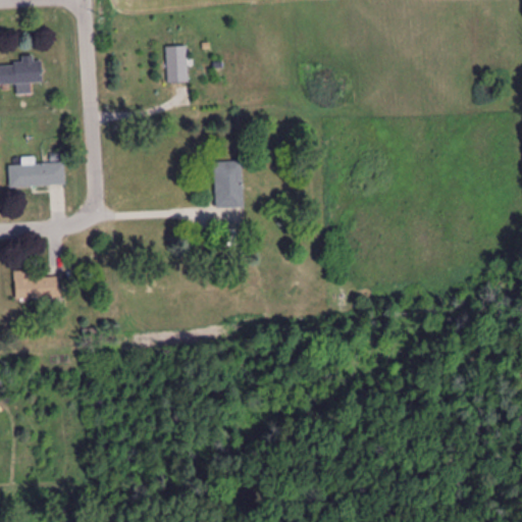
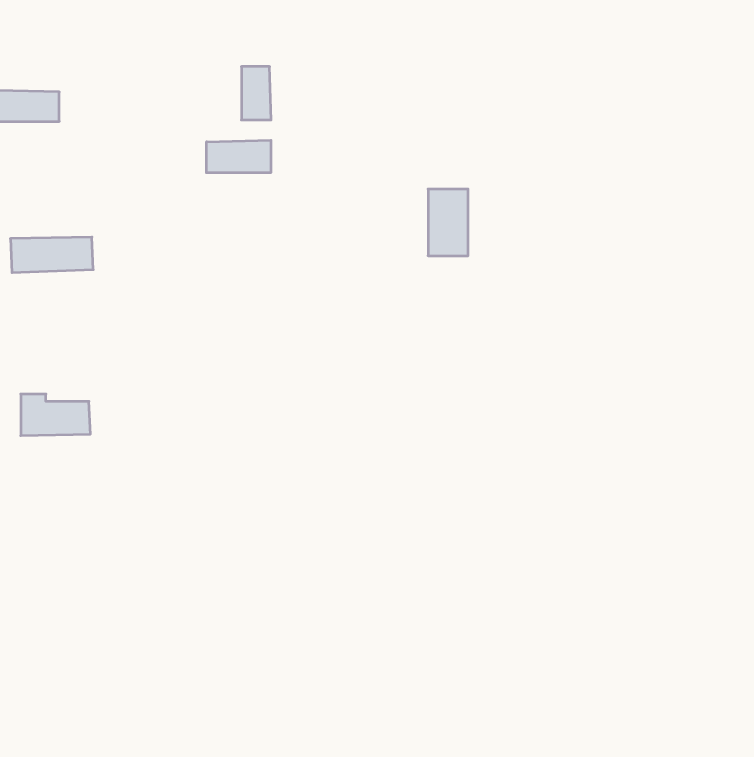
building: none -> [206,140,271,173]
building: [214,161,242,207] -> [428,189,468,256]

